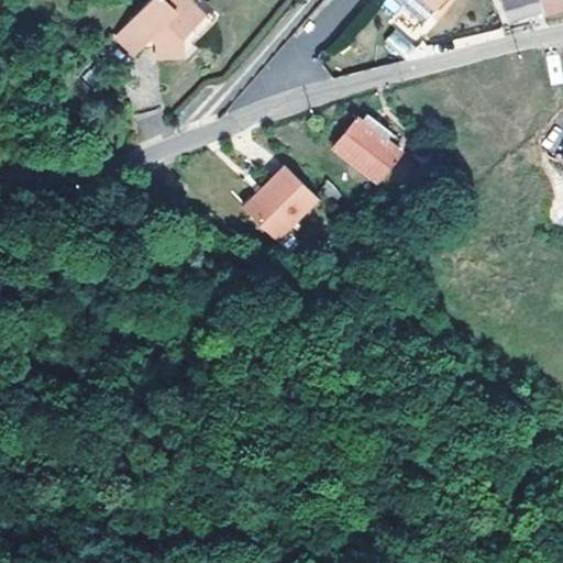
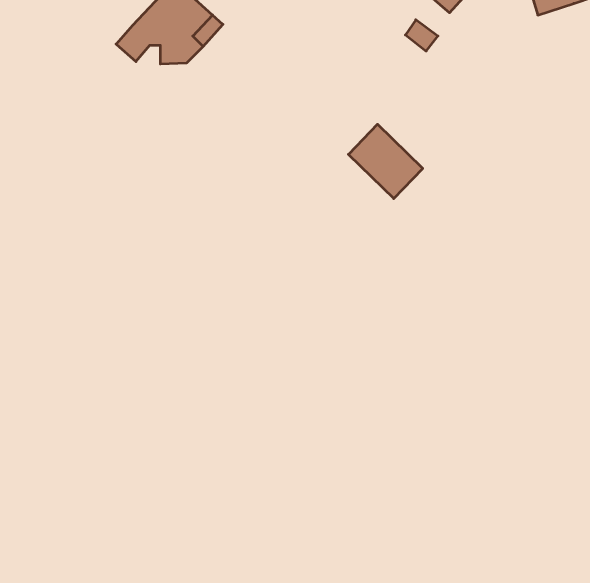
building: [241,162,318,236] -> none

